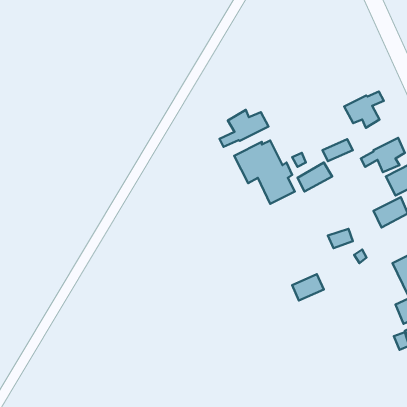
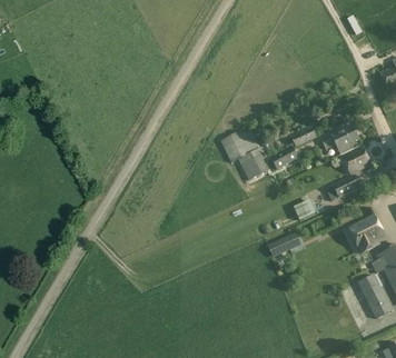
building: [344,92,384,128] -> none
building: [220,110,269,147] -> none

